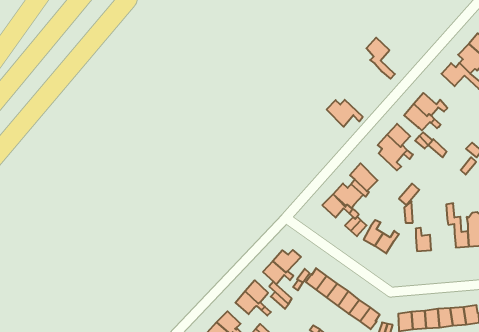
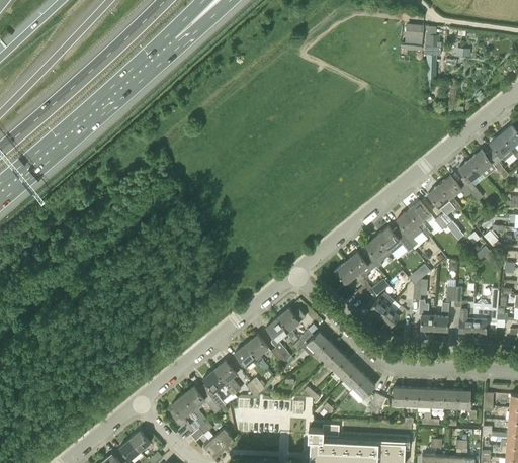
building: [366,38,395,79] -> [458,160,483,202]
building: [327,100,363,127] -> [377,227,412,255]
building: none -> [434,287,455,332]

